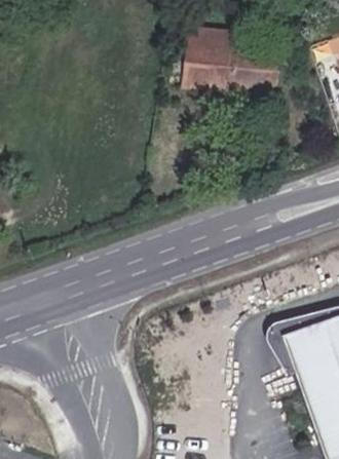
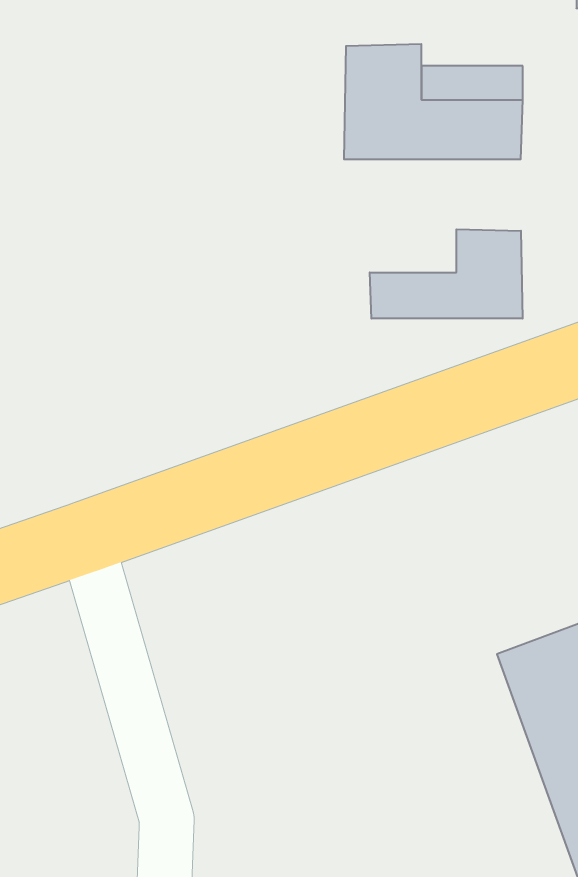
building: none -> [370,229,523,319]

